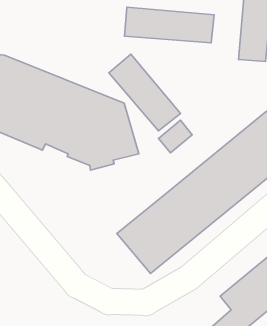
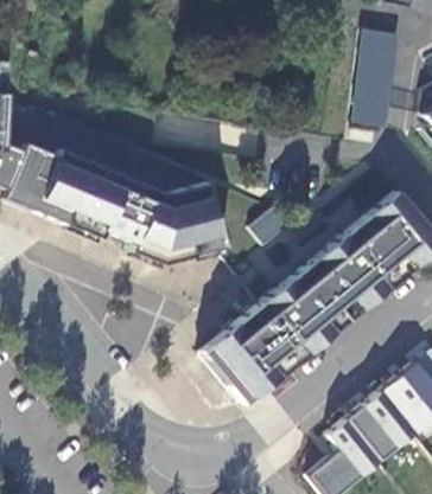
building: [125,7,214,43] -> none
building: [109,54,180,131] -> none

